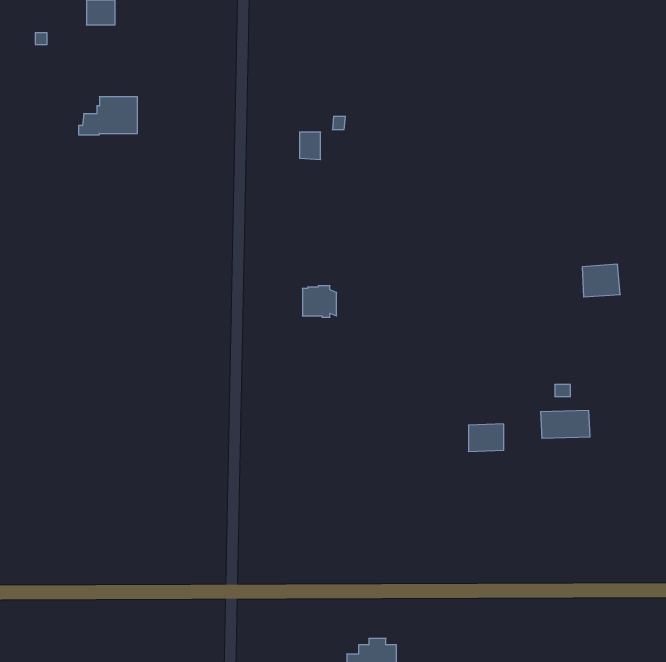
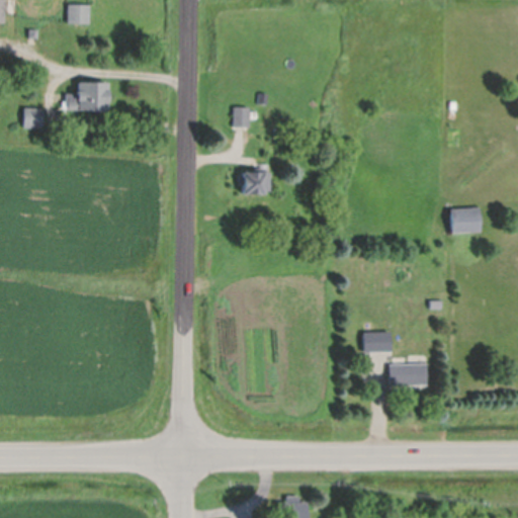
building: none -> [24,108,44,130]
building: [302,286,337,317] -> [244,168,270,192]
building: [540,411,590,438] -> [390,366,428,387]

